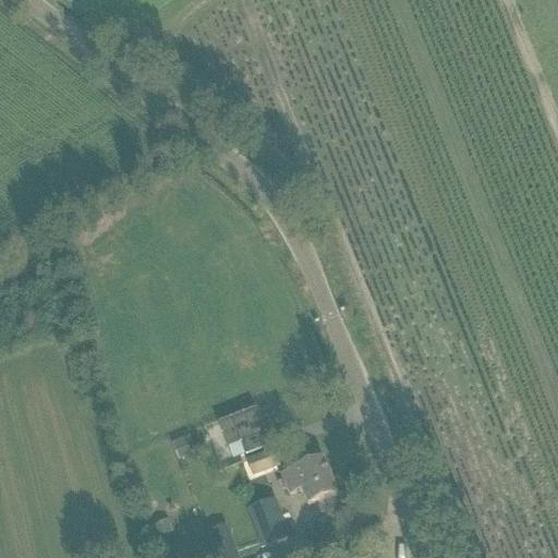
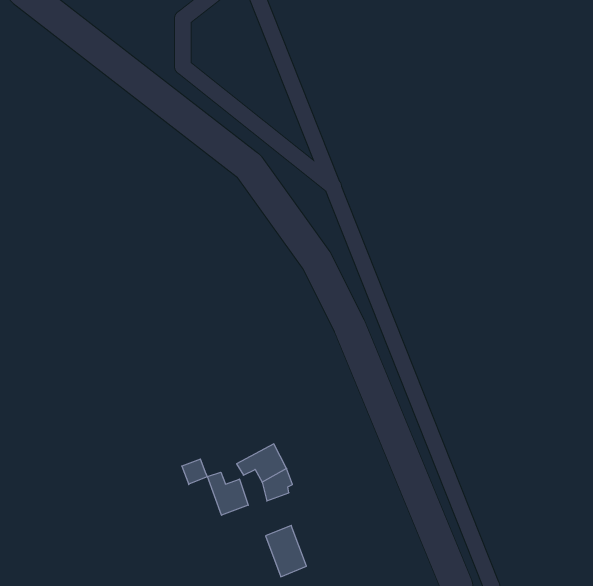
building: none -> [207,472,248,515]
building: [280,451,335,497] -> none

